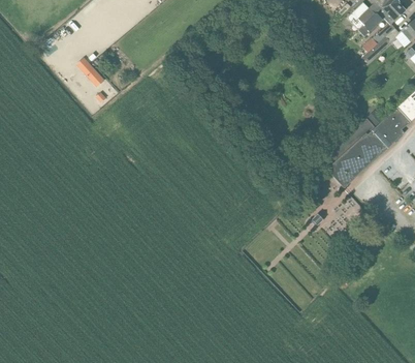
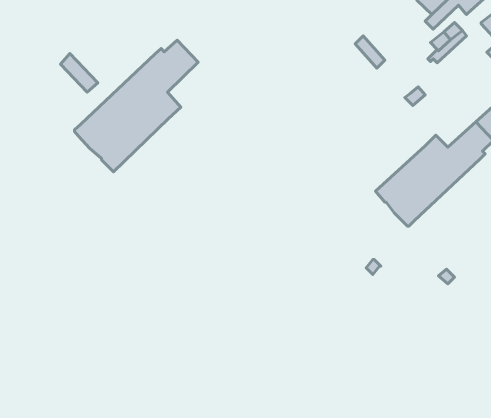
building: none -> [74,40,198,172]

